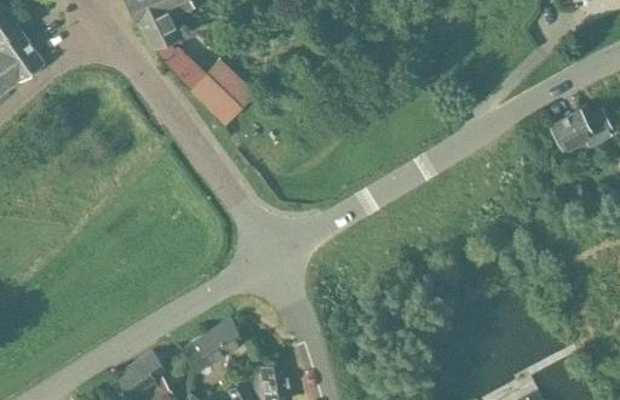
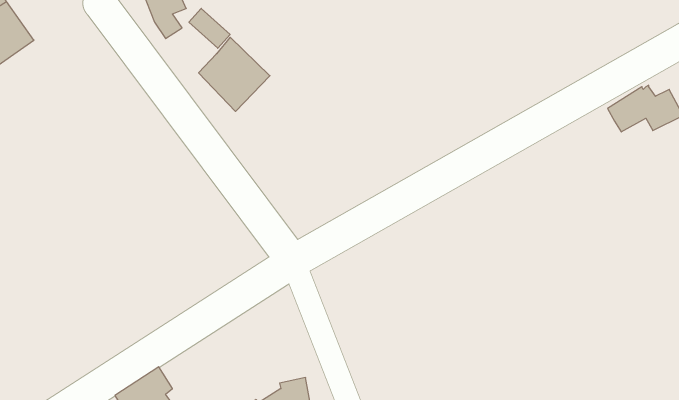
building: [161,48,206,91] -> none
building: [184,320,245,371] -> none

